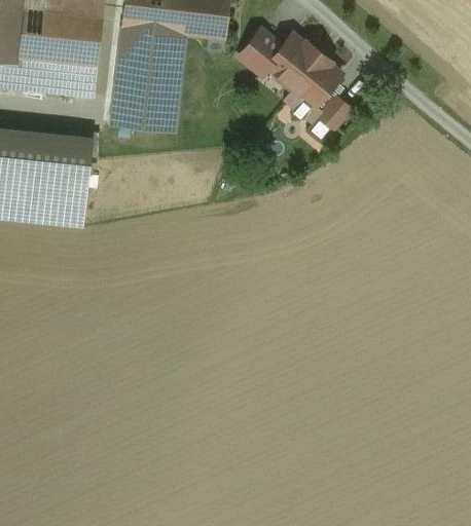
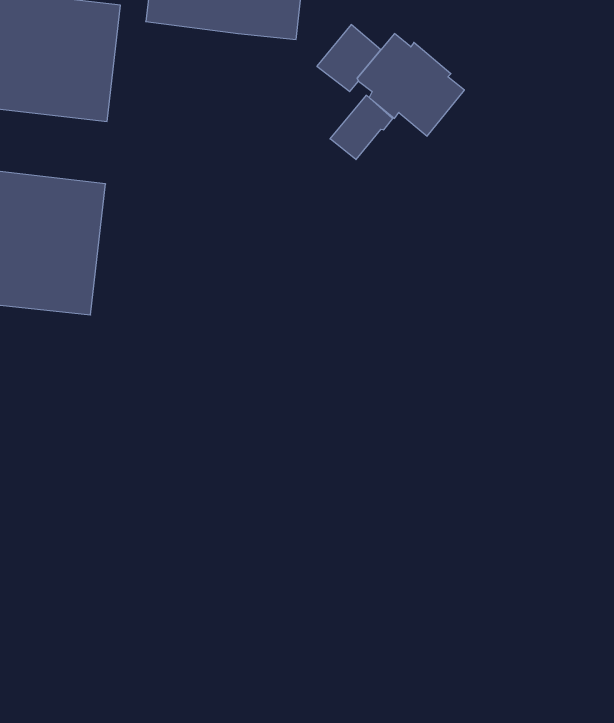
building: [110,26,184,129] -> none
building: none -> [330,95,393,160]
building: [318,95,351,127] -> none

